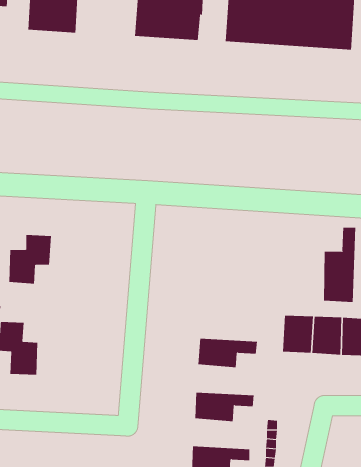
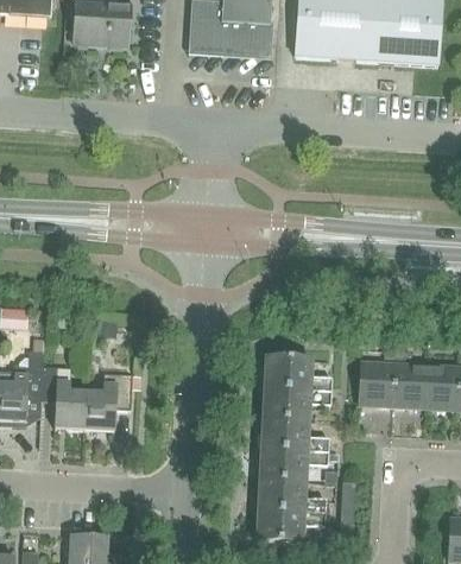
building: [324,227,356,303] -> none
building: [9,235,52,284] -> [83,376,132,432]
building: none -> [266,356,331,392]
building: none -> [261,418,328,452]
building: none -> [258,479,324,513]

